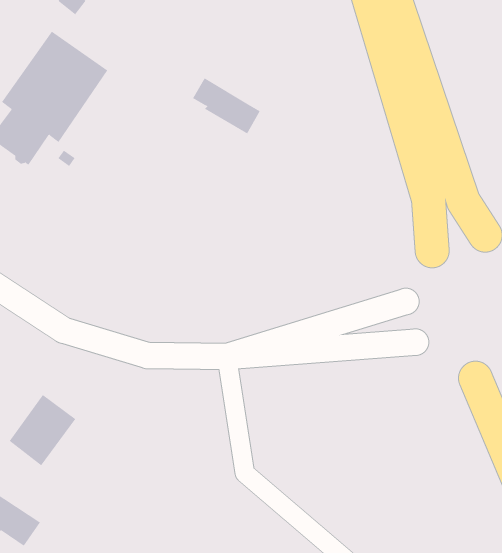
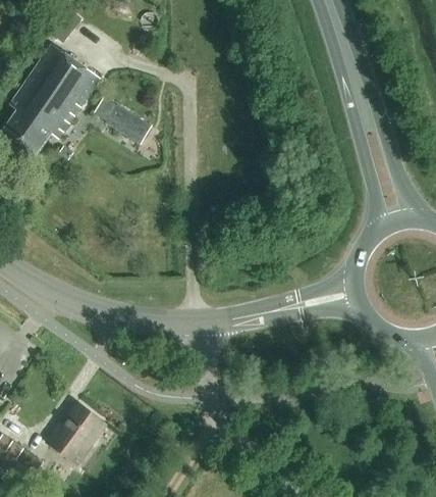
building: [192,78,261,134] -> [94,96,152,144]
building: [9,394,76,466] -> [47,403,104,464]

